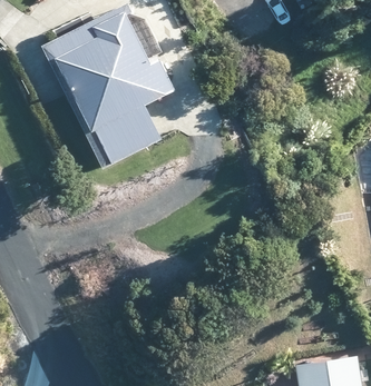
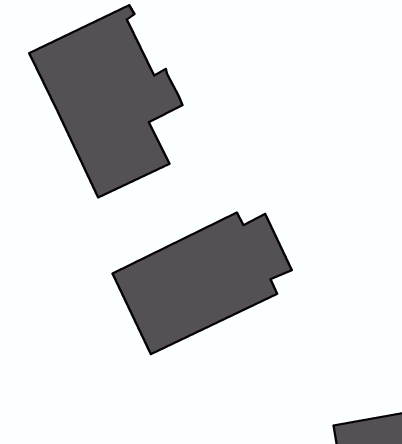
building: none -> [113,213,292,354]

